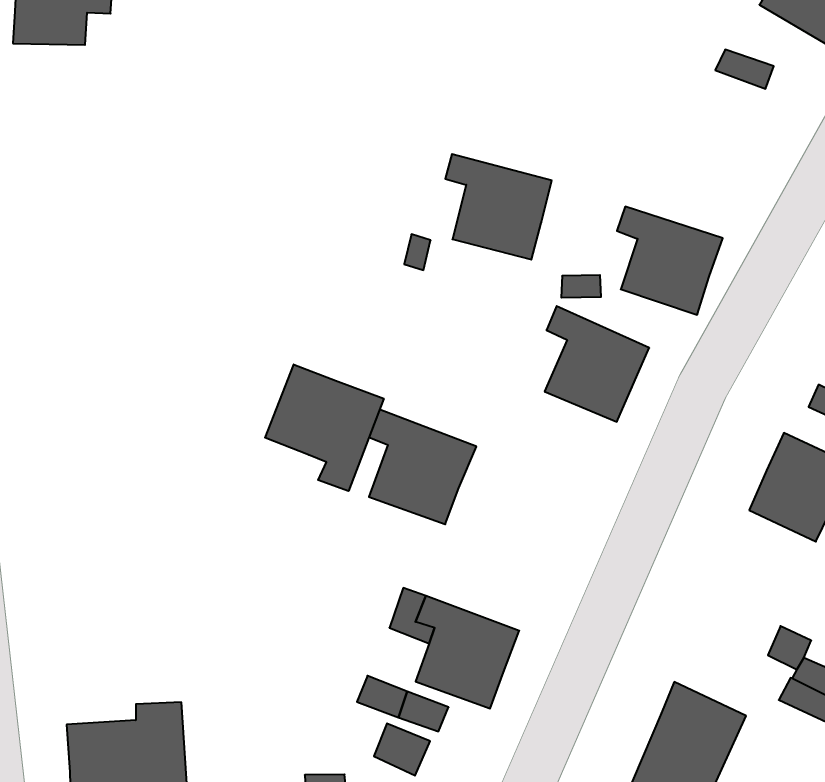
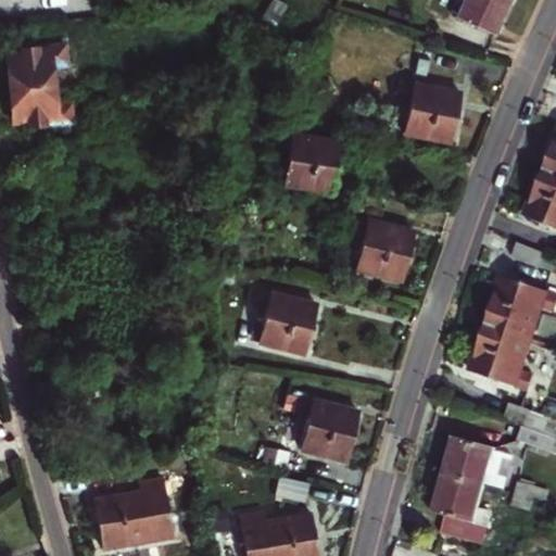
building: none -> [11,91,73,131]
building: [617,207,723,315] -> [397,80,462,140]
building: [265,364,384,491] -> none
building: none -> [470,323,533,390]

